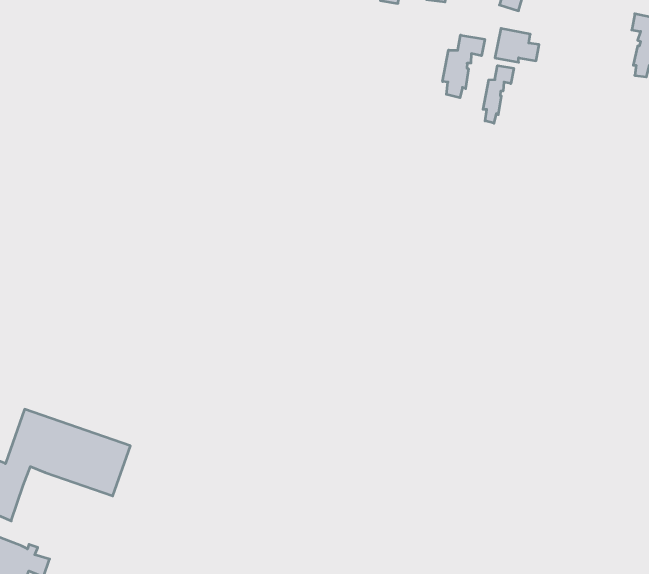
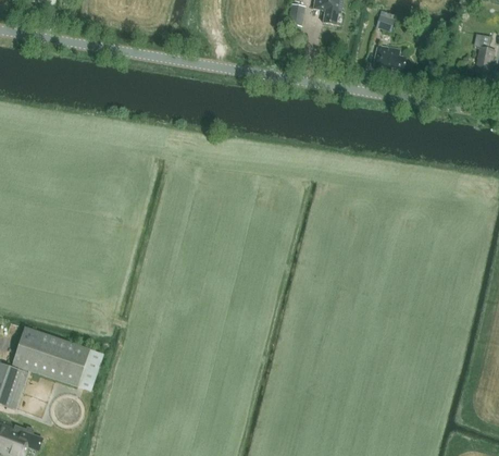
building: [443,35,485,98] -> none
building: [483,66,514,123] -> none

